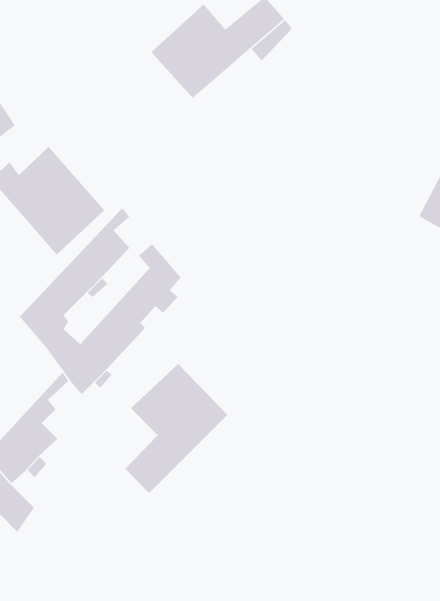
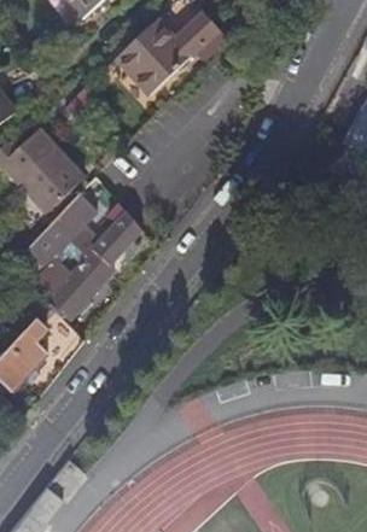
building: [124,363,228,494] -> none

